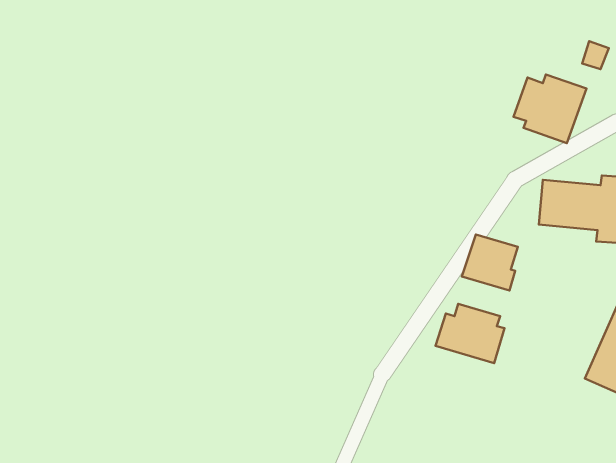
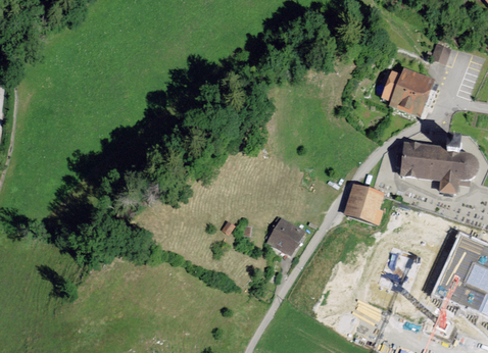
building: none -> [265,217,304,255]
building: [436,304,504,363] -> none

